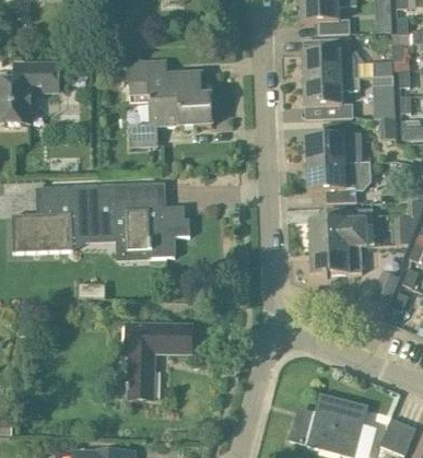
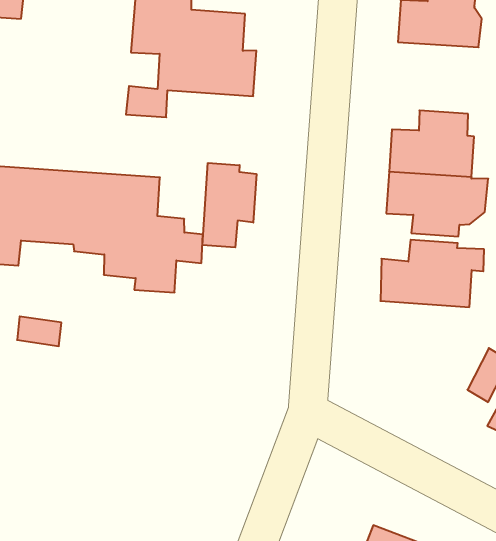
building: [303,77,360,117] -> none
building: none -> [202,163,256,247]
building: [309,245,367,273] -> none
building: [127,324,193,400] -> none

